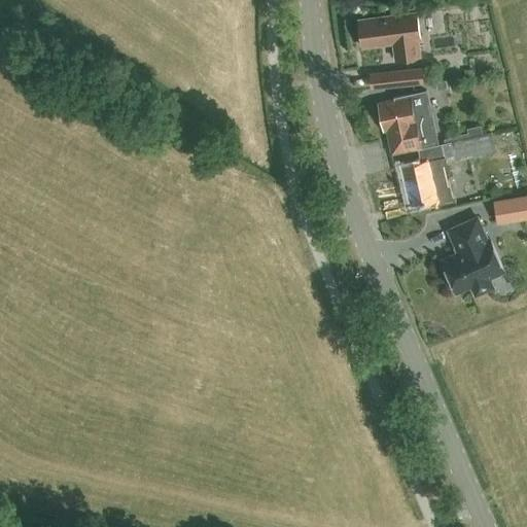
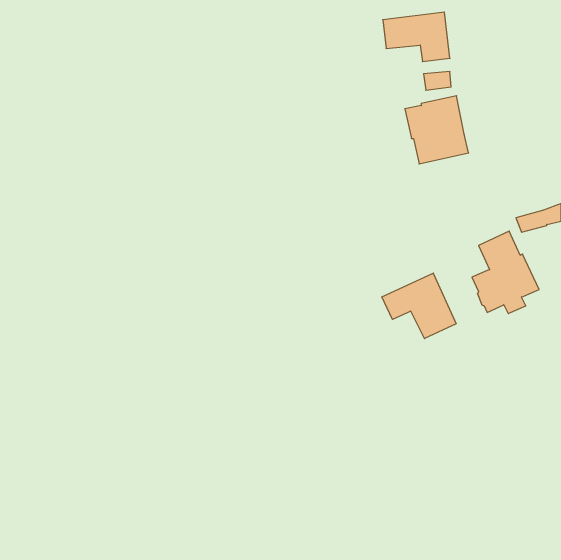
building: [401,134,495,207] -> none
building: none -> [382,273,456,339]

